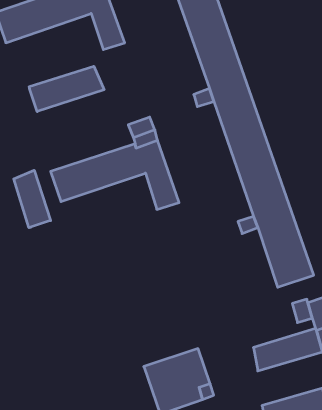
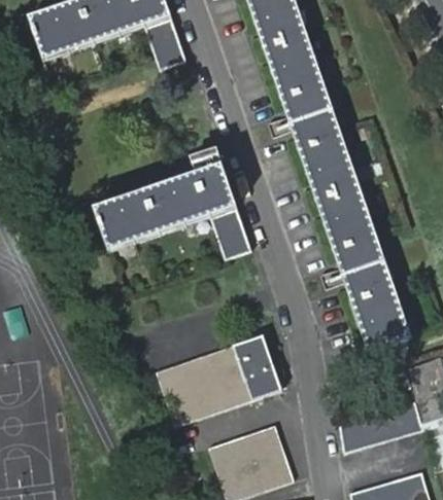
building: [29,66,104,112] -> none
building: [14,170,51,228] -> none
building: none -> [158,335,280,425]

